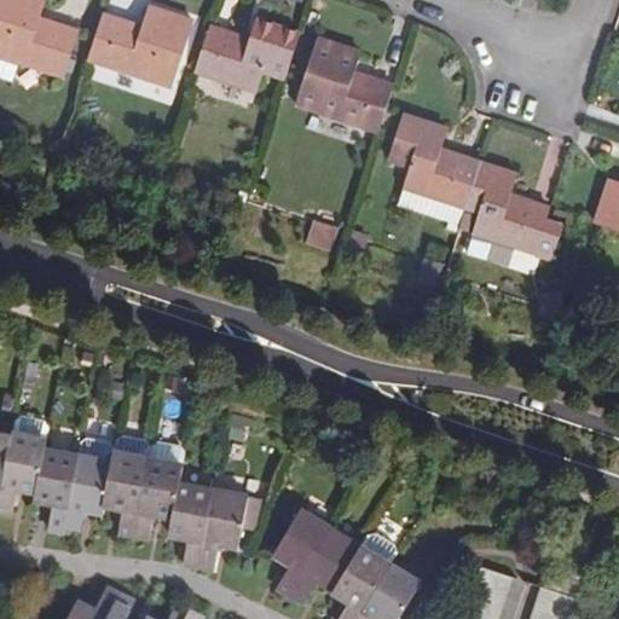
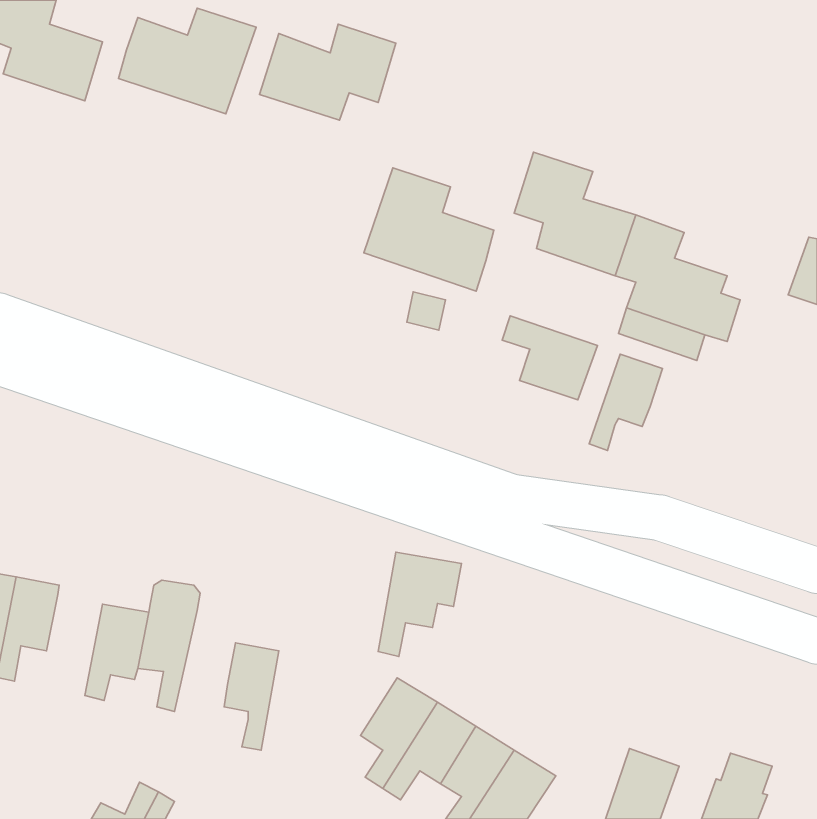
building: [295,39,393,132] -> [364,168,494,291]
building: none -> [502,316,597,400]
building: none -> [589,354,663,451]
building: [132,442,185,539] -> none
building: [34,449,77,532] -> none
building: [197,491,260,569] -> [378,552,461,656]

